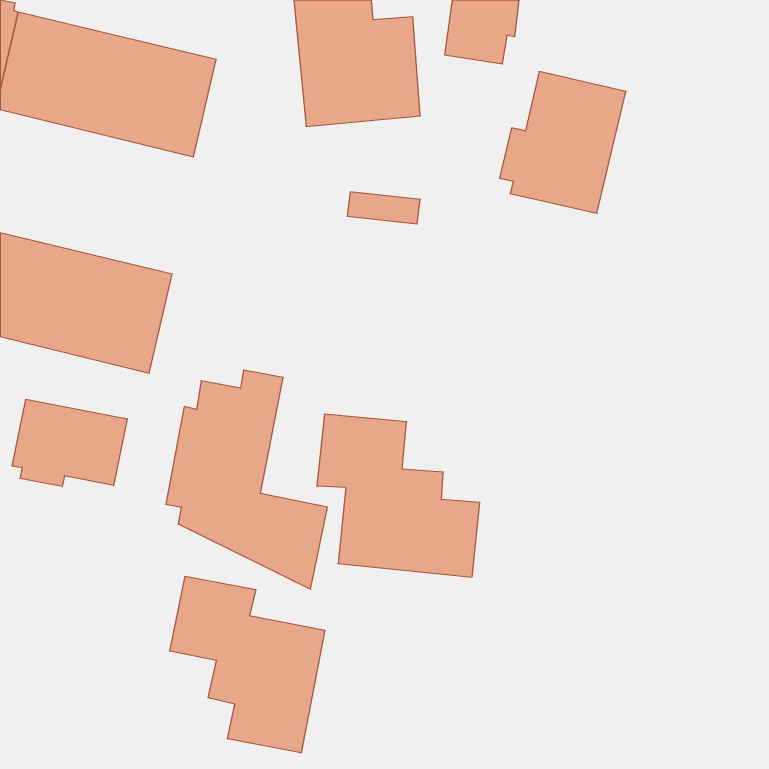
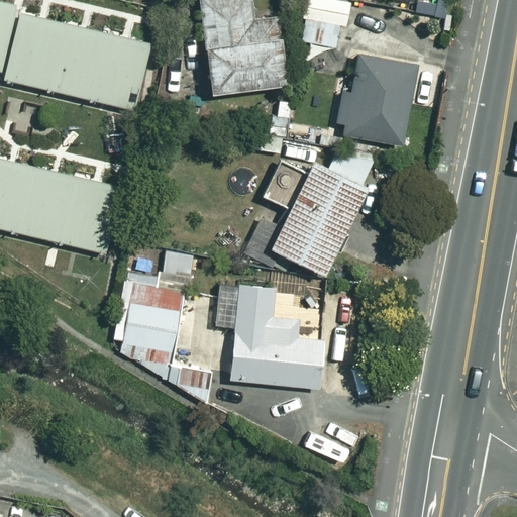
building: none -> [262,140,378,272]
building: [12,399,127,486] -> none
building: [170,576,325,753] -> none

